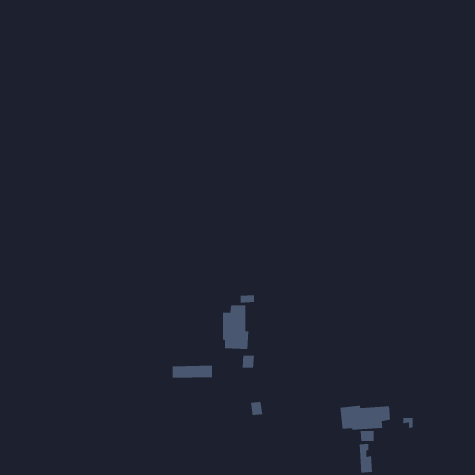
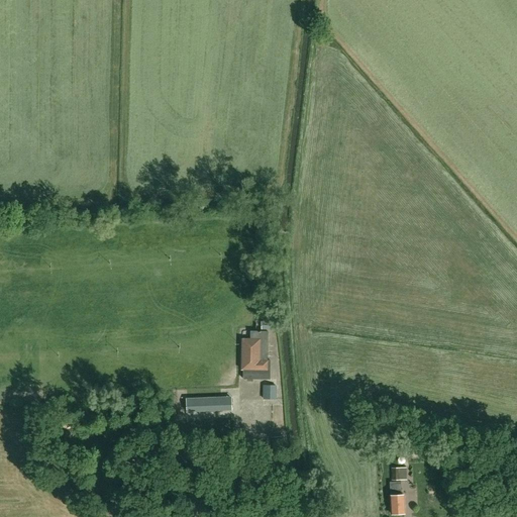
building: [340,405,390,431] -> none

